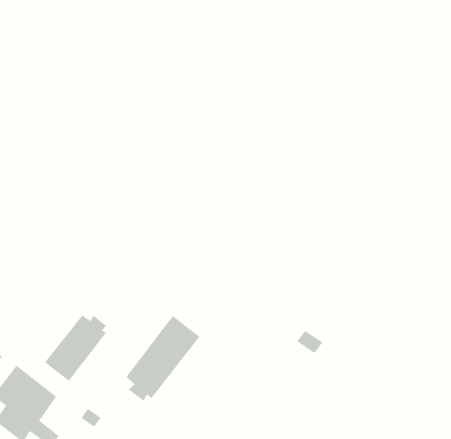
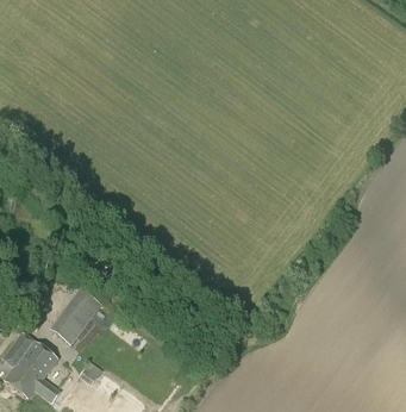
building: [126,315,200,401] -> none

